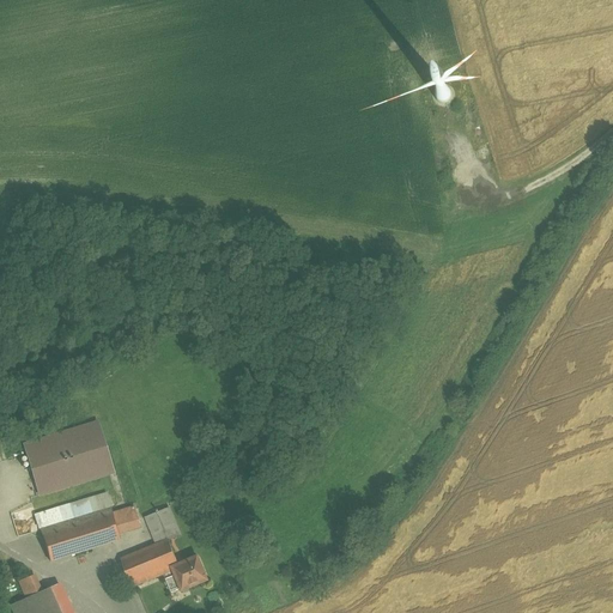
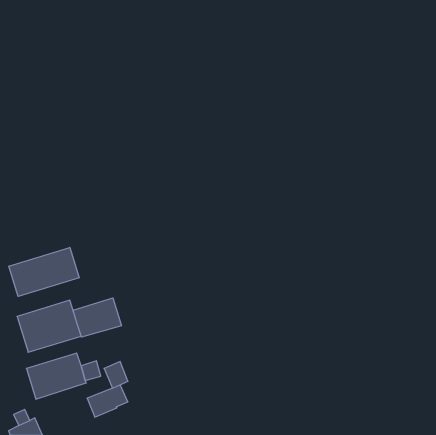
building: none -> [9,247,79,296]
building: none -> [73,298,121,337]
building: [163,557,208,593] -> none

